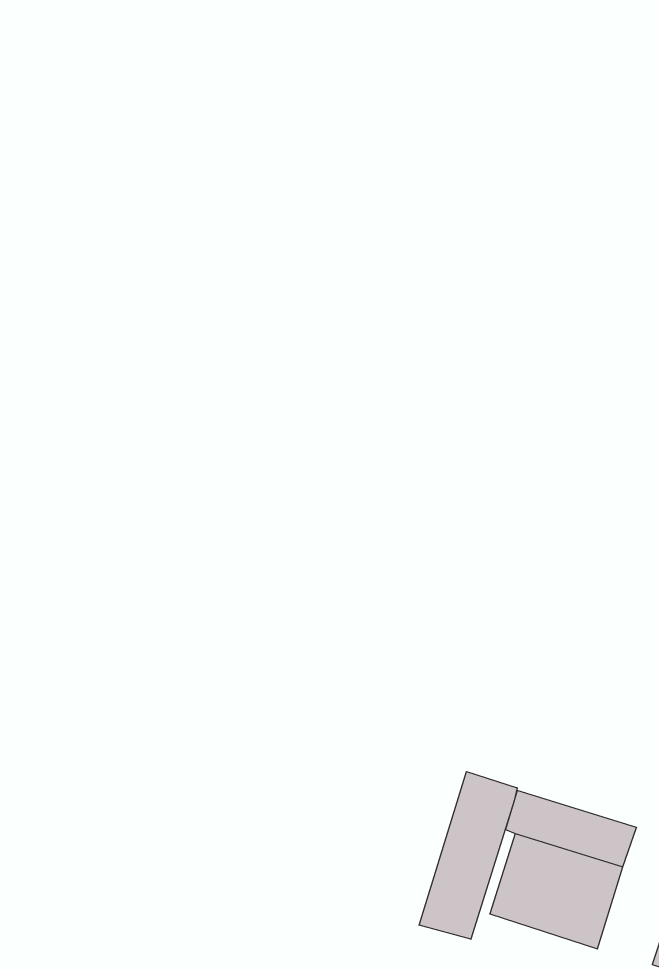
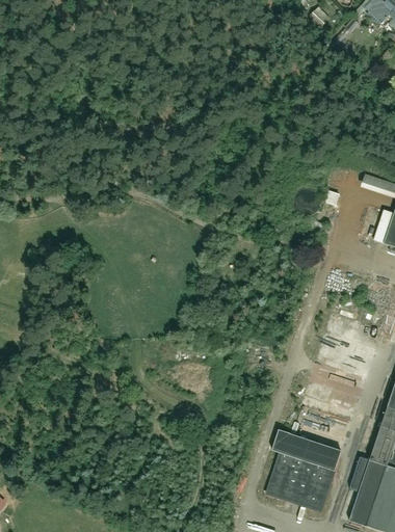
building: [419,772,517,939] -> none

